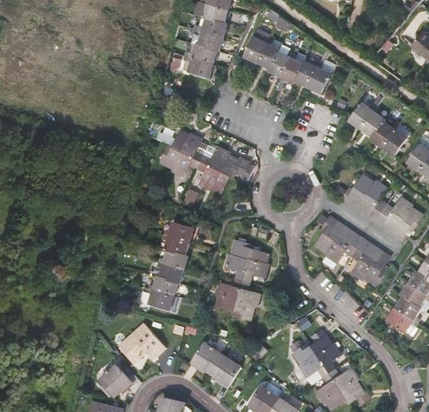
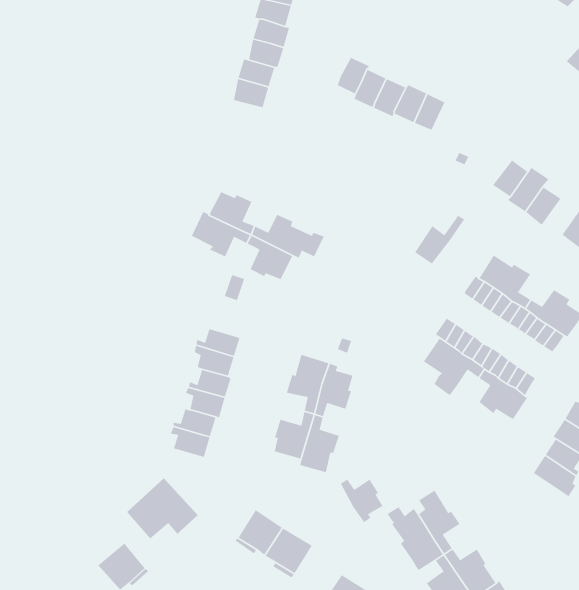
building: [244,29,271,62] -> none
building: [349,95,383,128] -> [414,215,465,264]
building: none -> [340,479,384,523]

